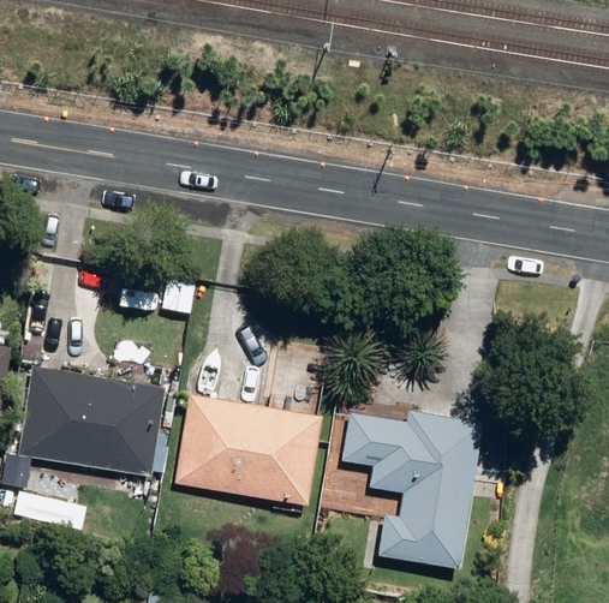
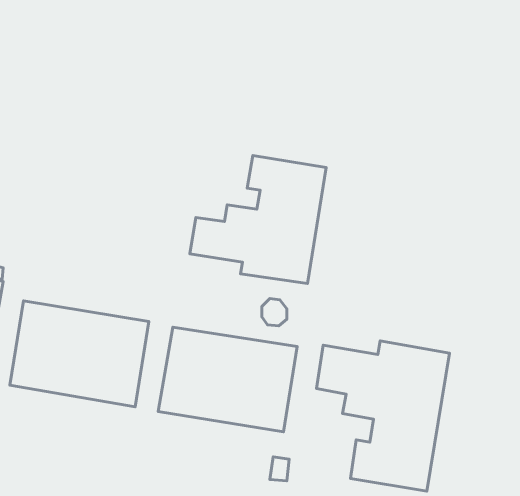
building: none -> [190,156,326,284]

